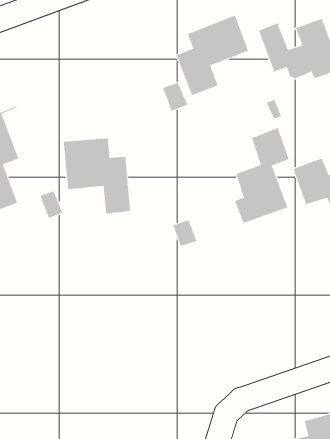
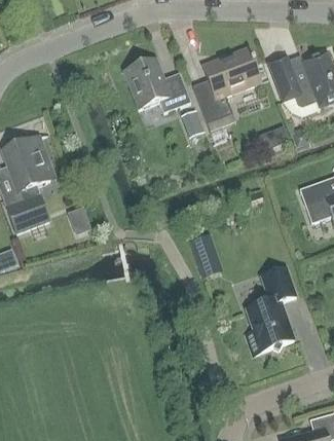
building: none -> [122,58,190,112]
building: [234,128,289,223] -> [245,265,295,353]
building: [63,137,131,214] -> none

